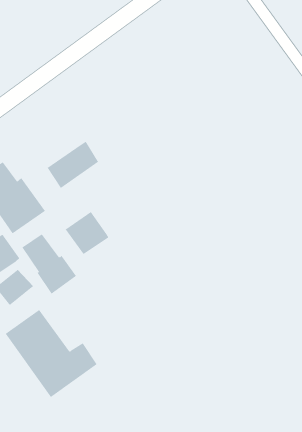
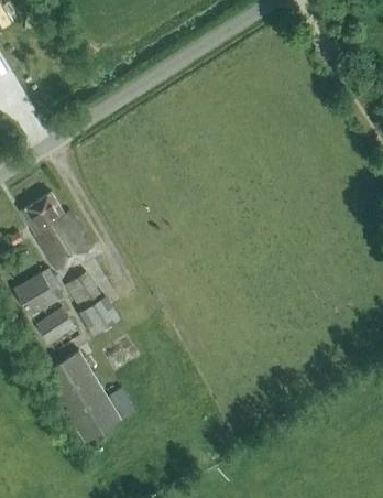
building: [47,141,99,189] -> none
building: [65,211,109,255] -> none

